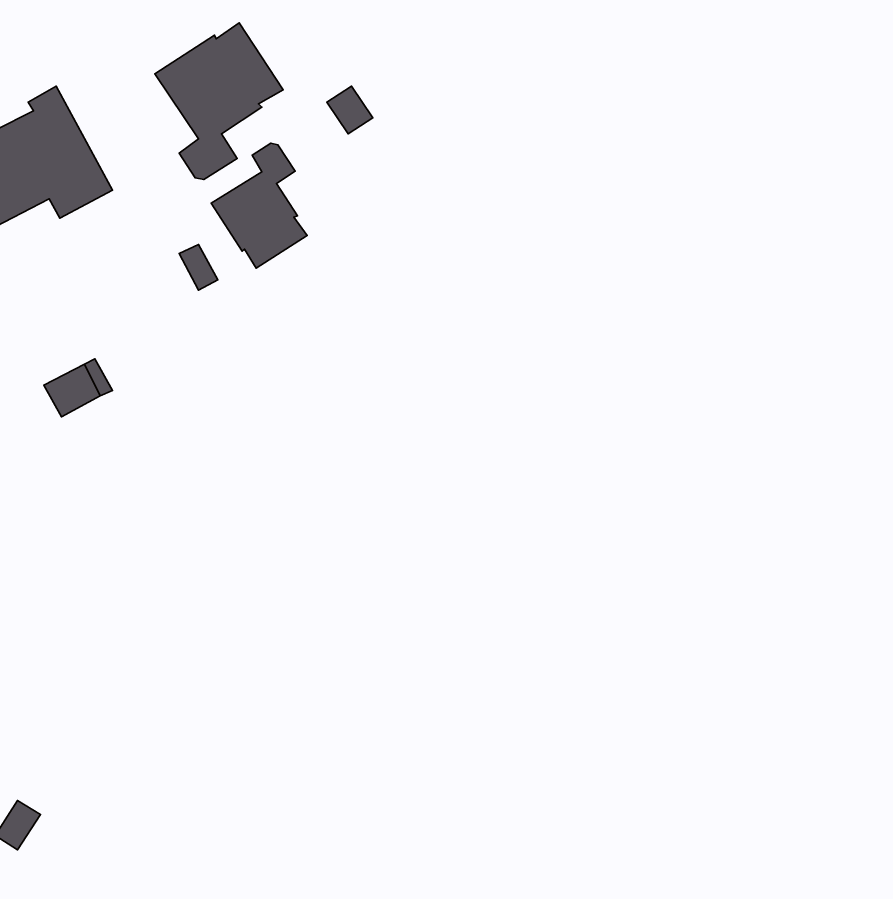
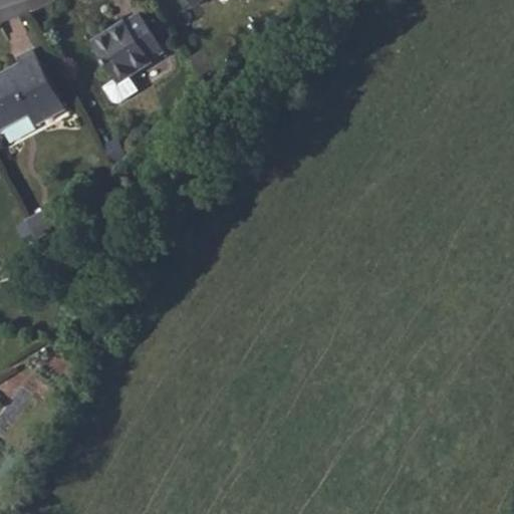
building: [211,143,307,268] -> none

